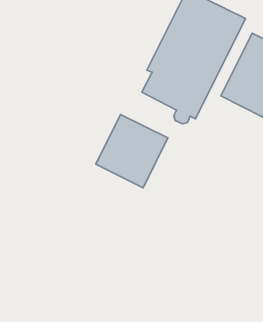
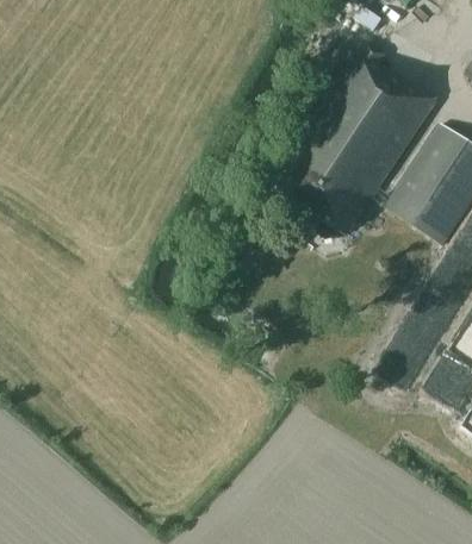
building: [96,114,168,188] -> none

